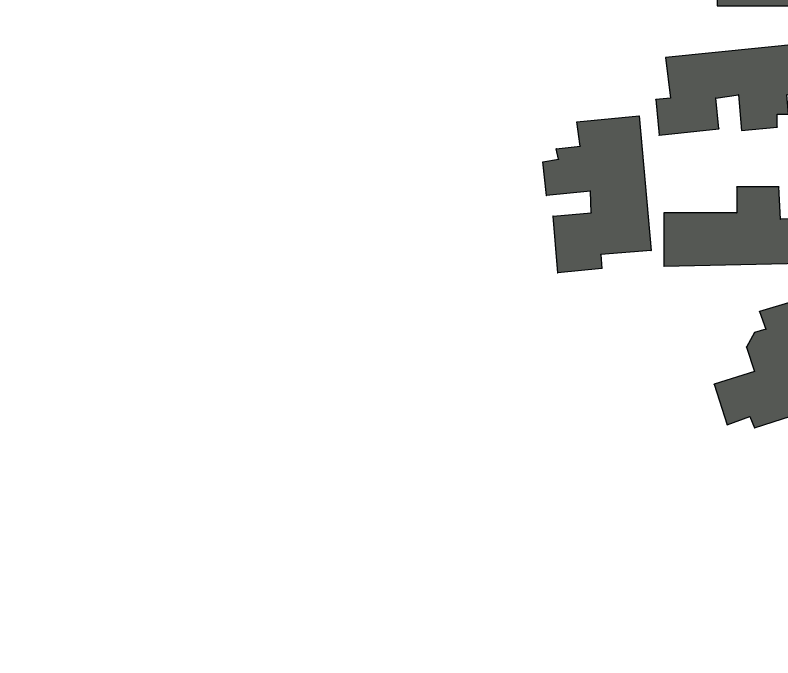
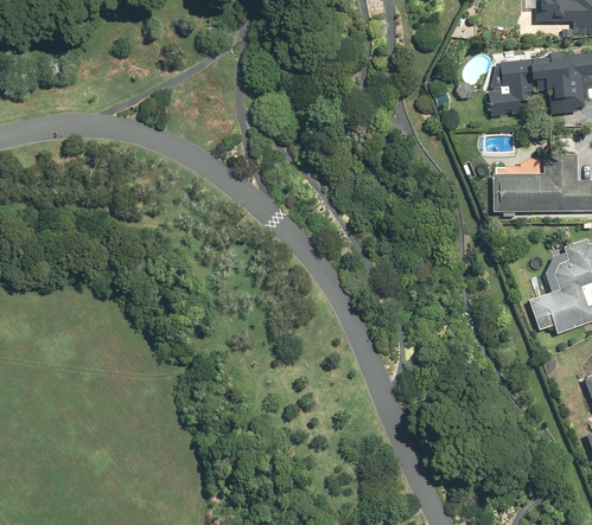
building: [543,116,651,273] -> none

